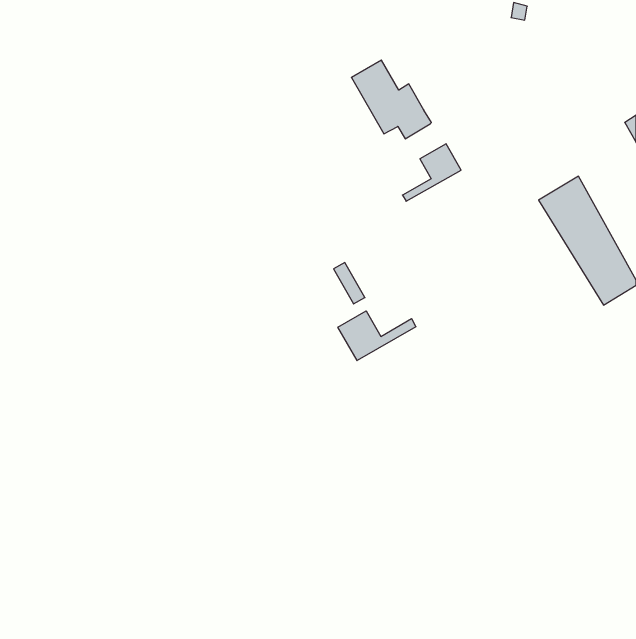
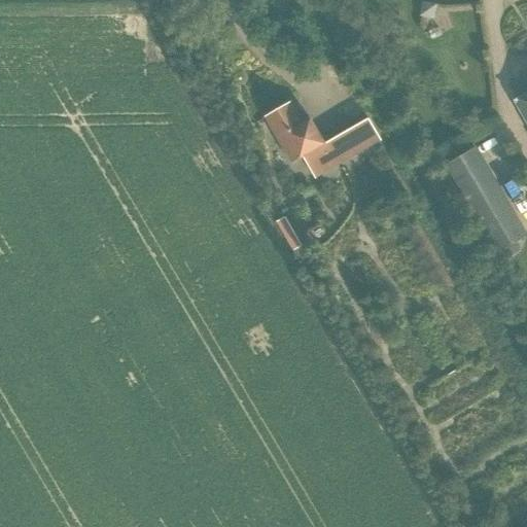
building: [351,60,431,139] -> [264,103,329,168]
building: [338,311,416,361] -> none

